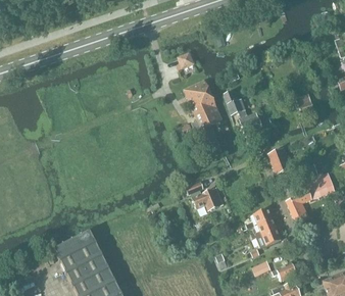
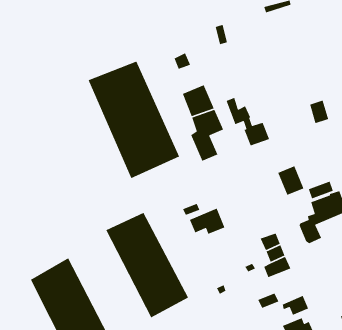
building: none -> [88,60,180,179]
building: none -> [105,212,189,318]

